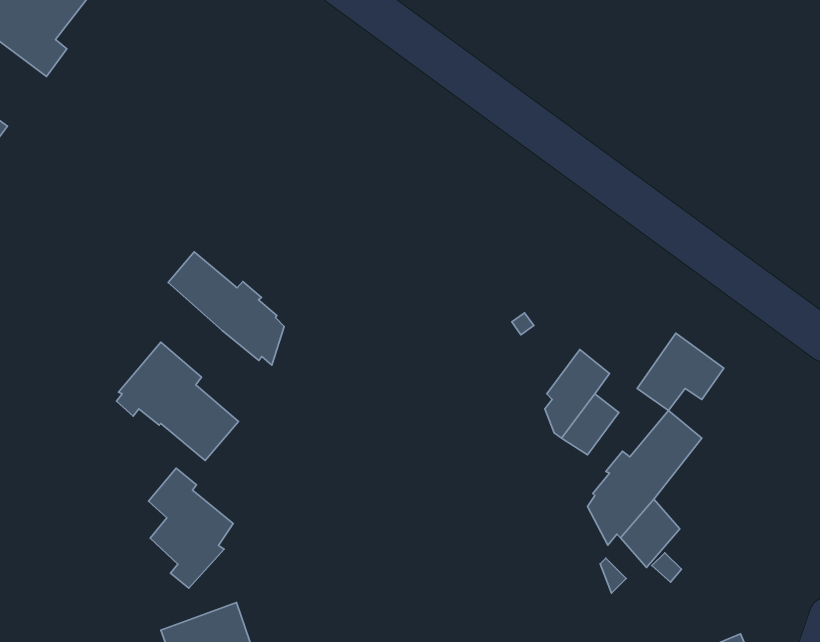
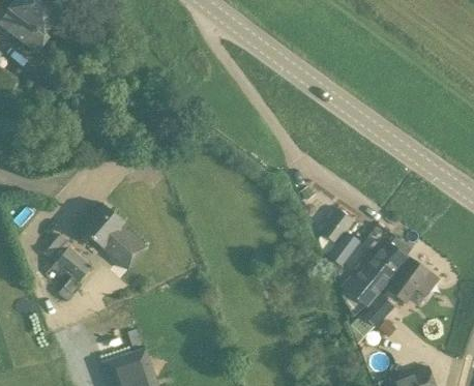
building: [168,252,284,365] -> none
building: [637,333,724,411] -> [389,258,438,301]
building: [148,468,233,588] -> [45,234,92,301]

